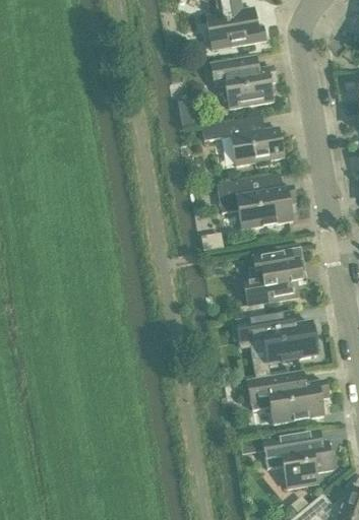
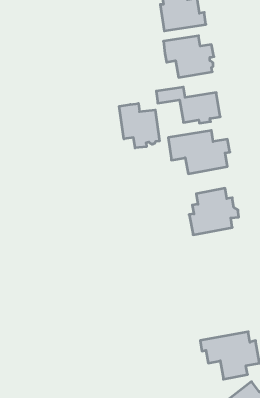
building: none -> [119,103,159,148]
building: [235,310,317,364] -> none
building: [246,370,328,425] -> none

